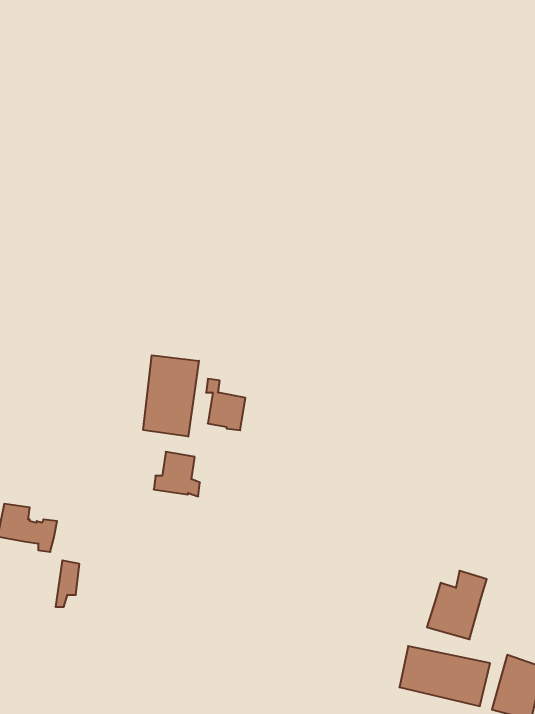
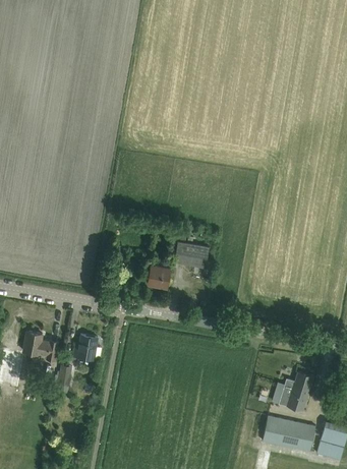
building: none -> [173,242,209,269]
building: [143,355,199,437] -> none
building: [154,452,200,496] -> [73,335,101,361]

